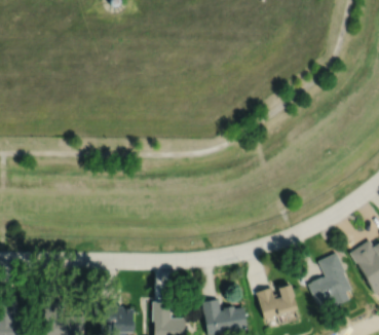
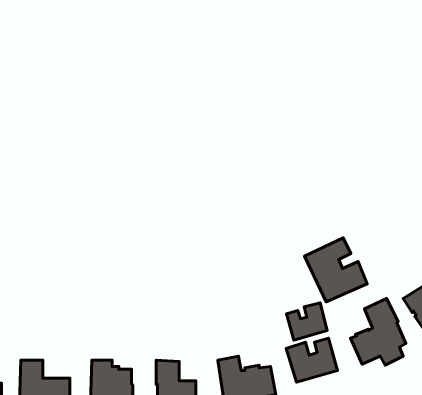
building: none -> [305,238,367,302]
building: none -> [286,303,327,340]

